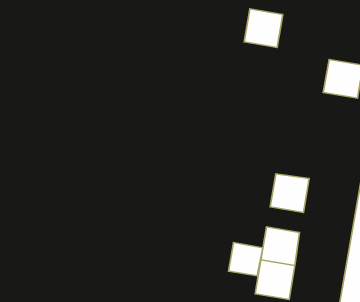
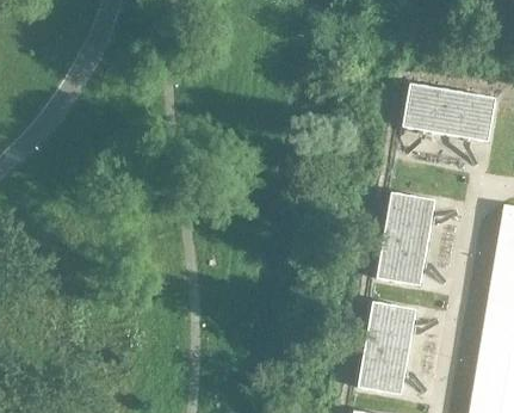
building: [244,9,283,47] -> [404,84,453,132]
building: none -> [386,192,435,241]
building: [229,243,263,276] -> none

